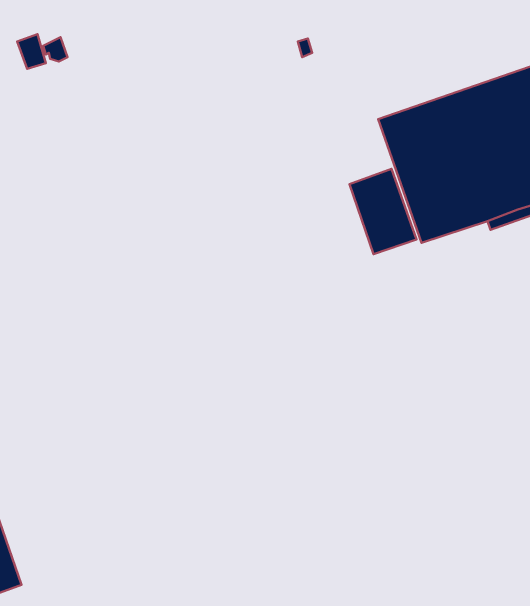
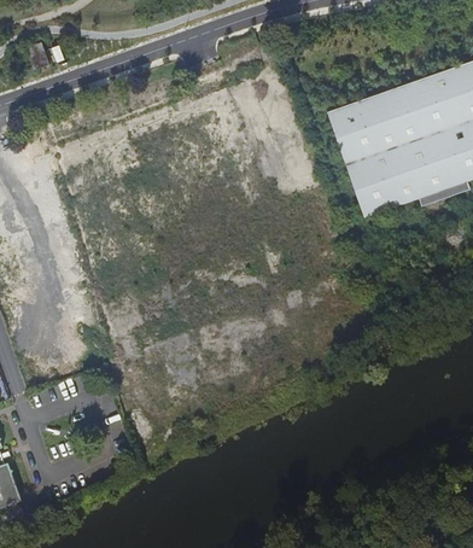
building: [350,169,416,254] -> none

